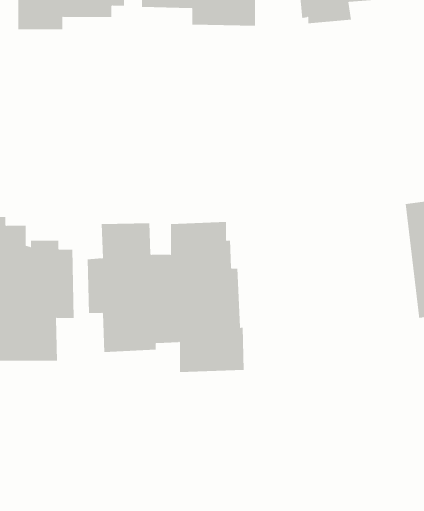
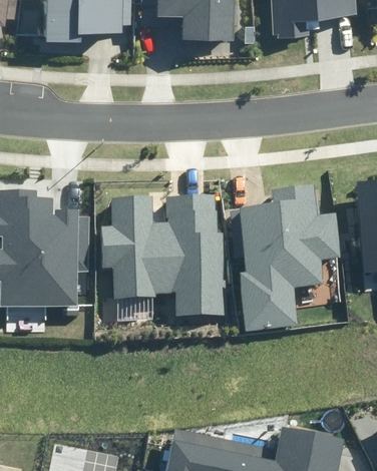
building: none -> [229,183,341,333]

